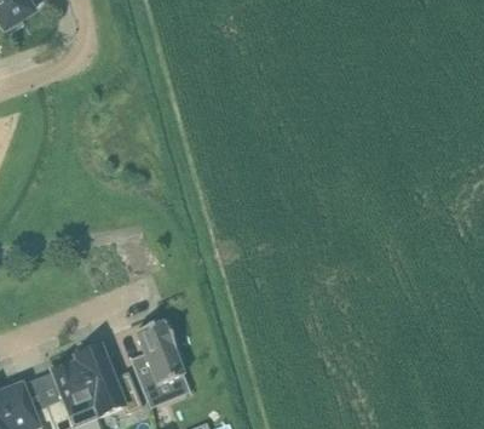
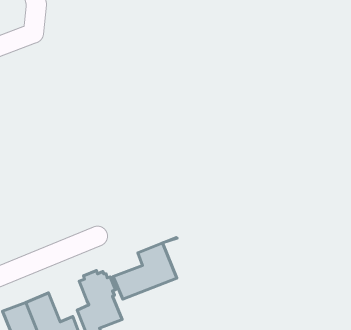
building: none -> [113,237,177,299]

